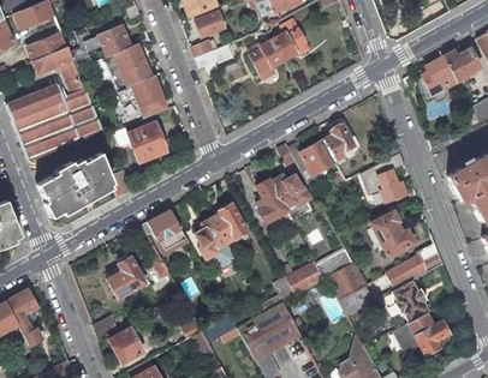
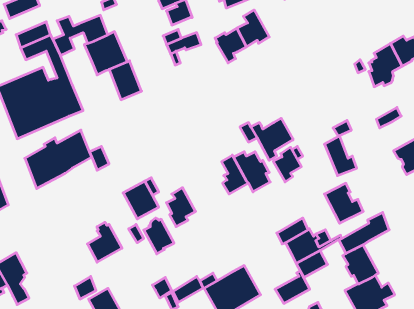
building: [127,122,166,162] -> none
building: [322,124,353,162] -> [273,147,301,182]
building: [213,203,246,242] -> [144,218,174,254]
building: [285,258,323,294] -> [275,271,310,303]

